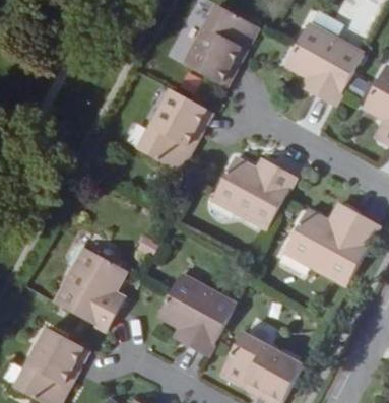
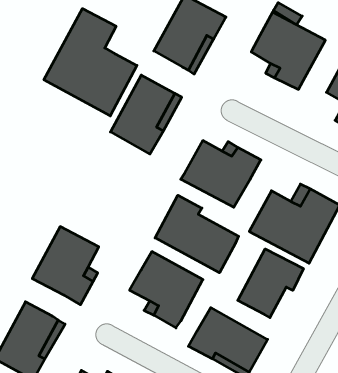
building: none -> [44,9,137,116]
building: none -> [155,195,239,273]
building: none -> [238,249,303,318]

